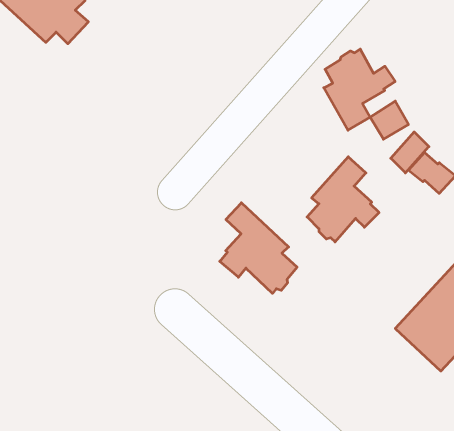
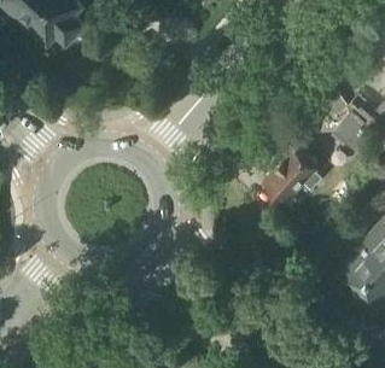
building: [324,49,395,130] -> none
building: [220,203,297,293] -> none

